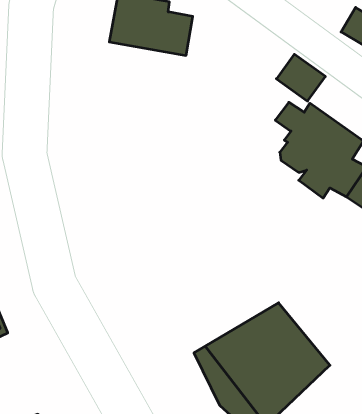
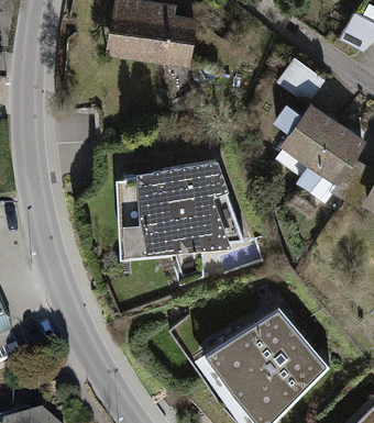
building: none -> [125,154,244,247]

